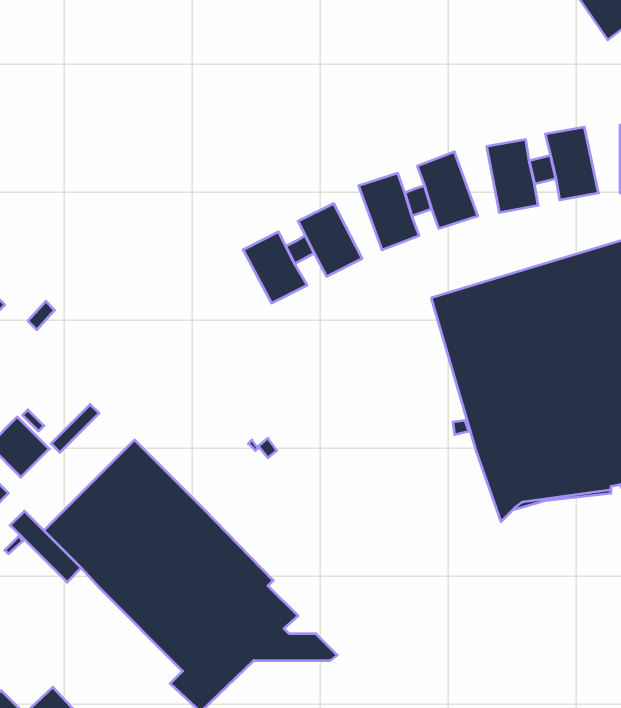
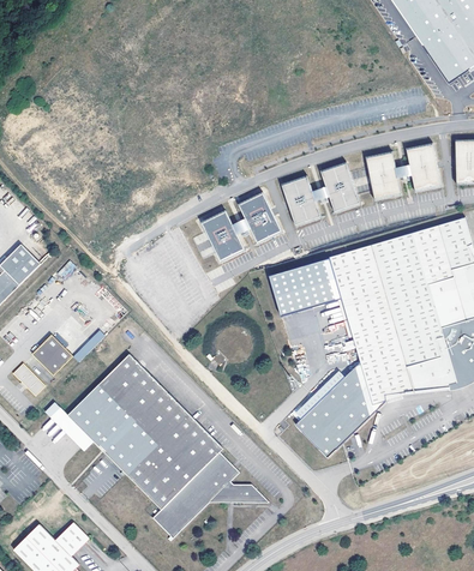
building: none -> [270,258,342,315]
building: none -> [298,360,377,455]

